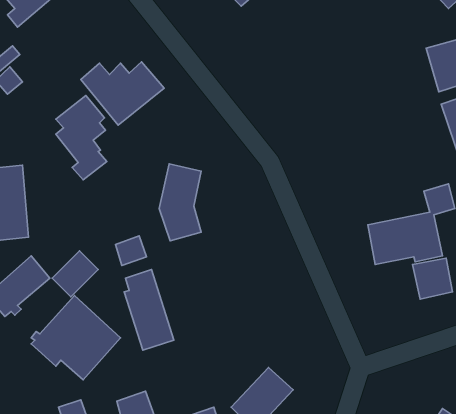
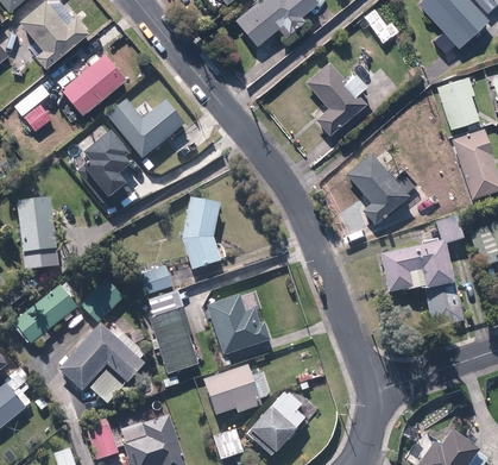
building: none -> [62,52,126,113]
building: none -> [305,59,366,132]
building: none -> [346,149,411,224]
building: none -> [207,295,270,354]
building: none -> [203,365,261,414]

